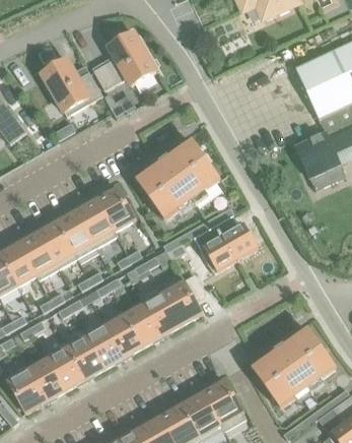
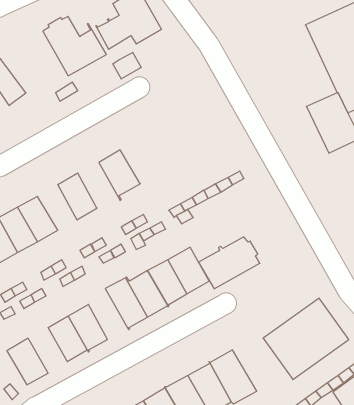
building: [137,140,219,218] -> none
building: [74,199,116,247] -> none
building: [37,220,74,264] -> none
building: [199,224,258,273] -> [198,237,260,289]
building: [82,320,123,369] -> none
building: [27,358,65,402] -> none

